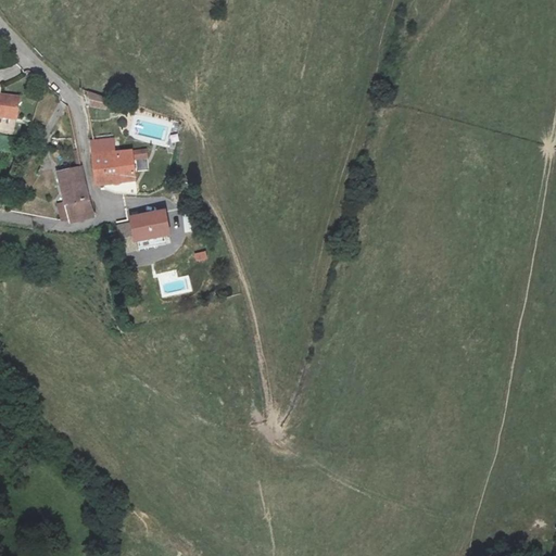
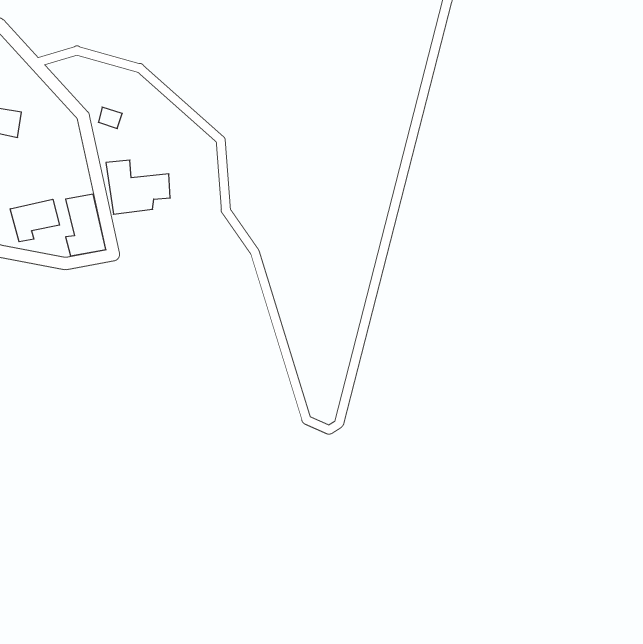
building: none -> [10,199,60,242]
building: [130,210,169,240] -> none

